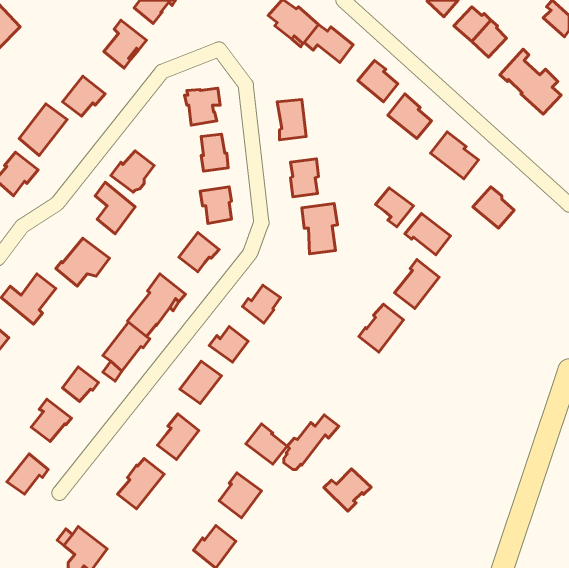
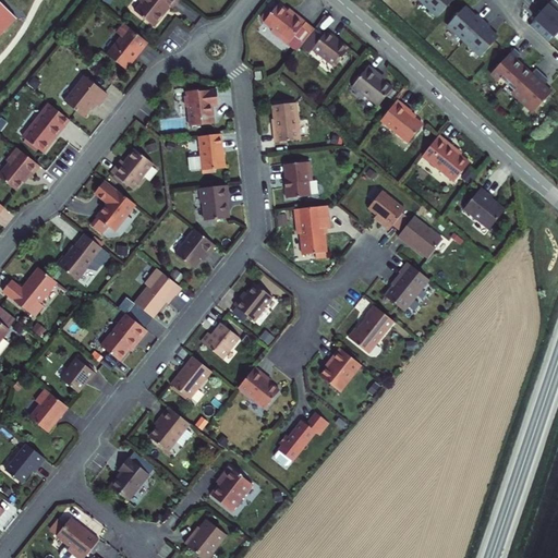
building: none -> [322,343,362,386]
building: [246,424,287,464] -> [241,364,281,403]
building: [324,469,371,511] -> none

